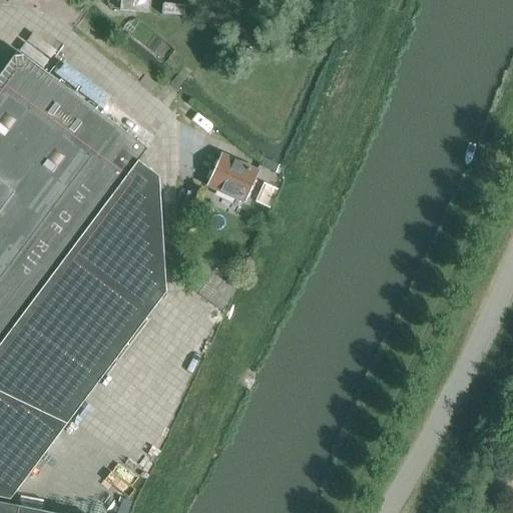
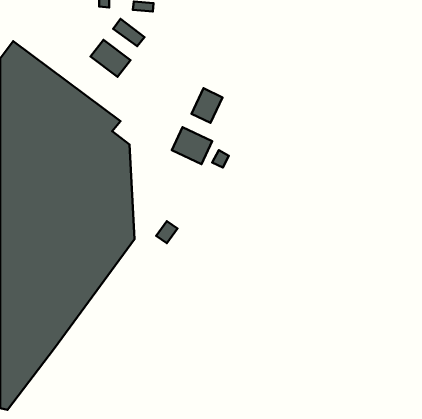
building: none -> [91,40,130,77]
building: none -> [192,88,223,123]

